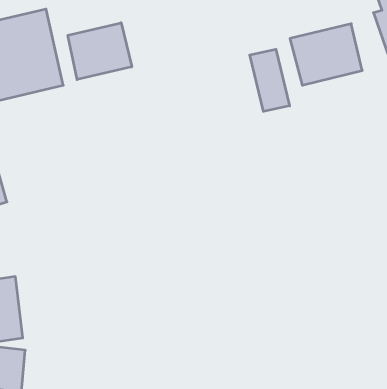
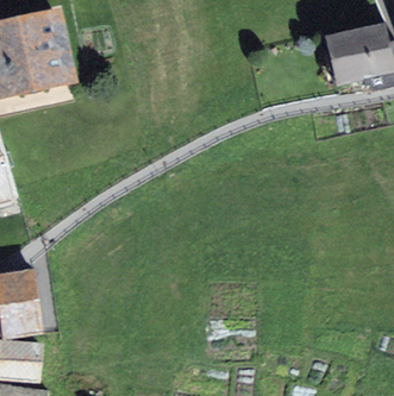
building: [68,23,132,80] -> none
building: [250,49,290,111] -> none

